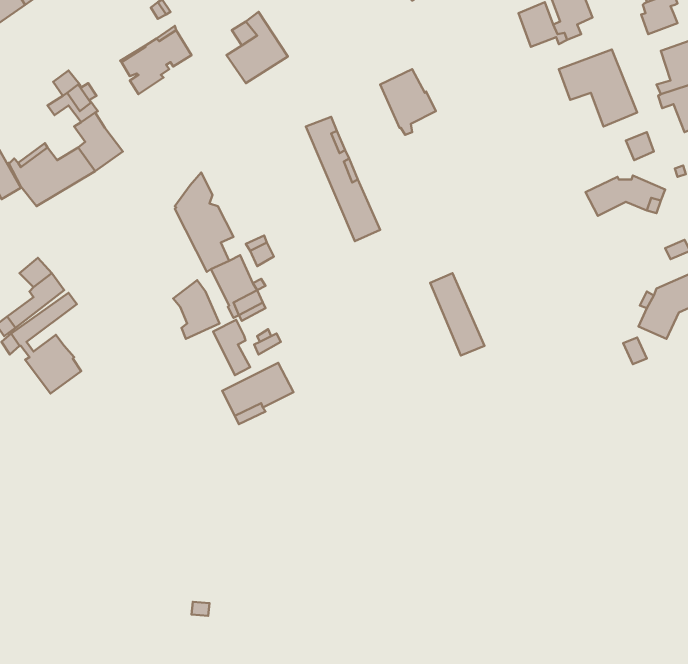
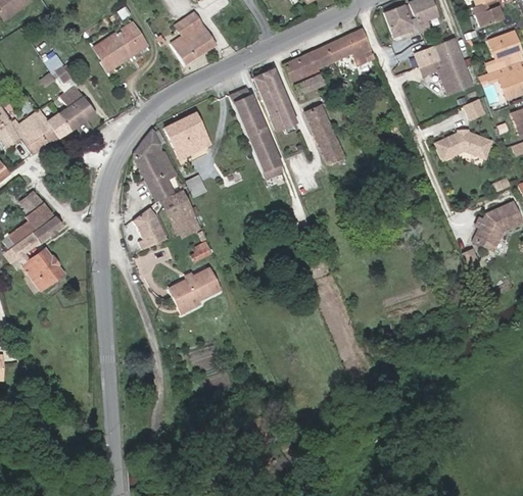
building: none -> [307,28,375,70]
building: none -> [254,67,294,129]
building: none -> [164,112,211,159]
building: [430,273,485,356] -> [305,104,345,164]
building: [213,320,250,375] -> none

